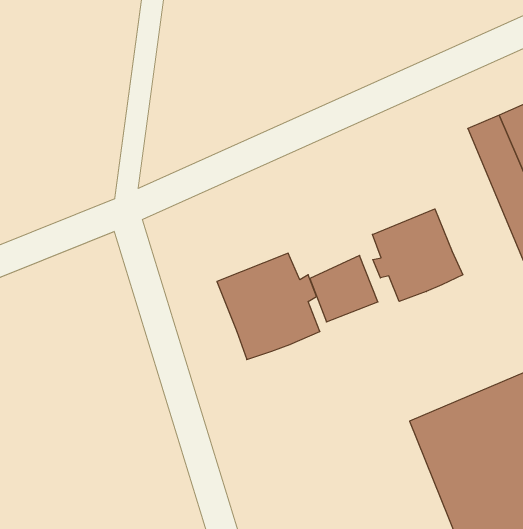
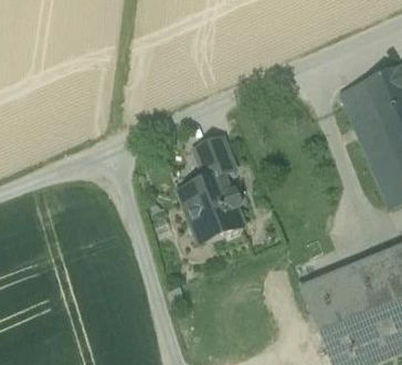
building: [372,209,463,301] -> none
building: [310,255,378,322] -> [190,137,235,181]

